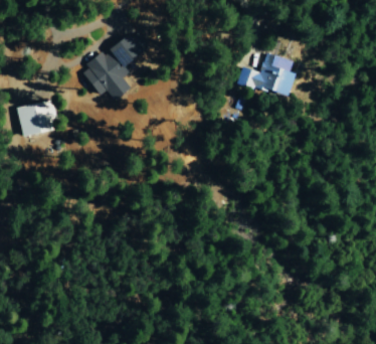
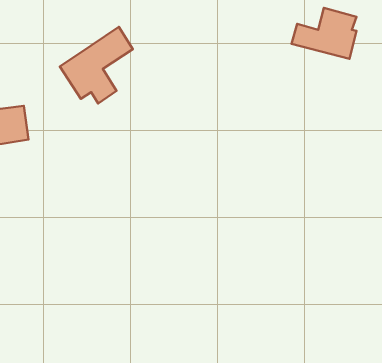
building: [237,51,294,96] -> [291,8,356,59]

